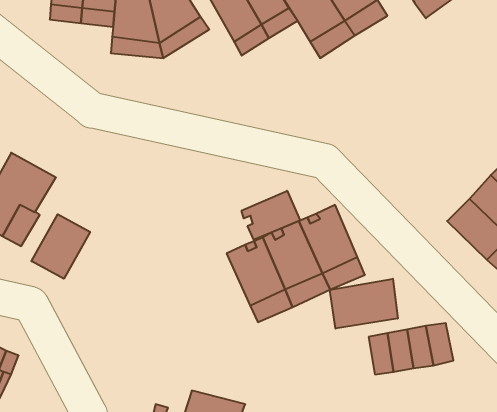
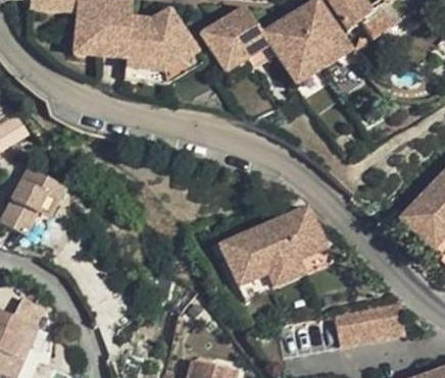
building: [242,191,300,240] -> none
building: [31,214,90,279] -> none
building: [330,279,398,329] -> none

